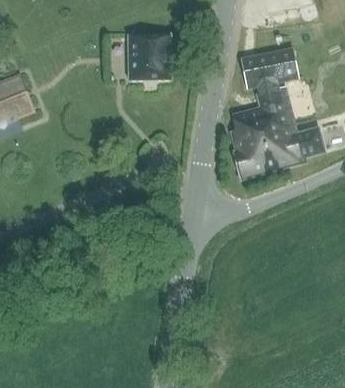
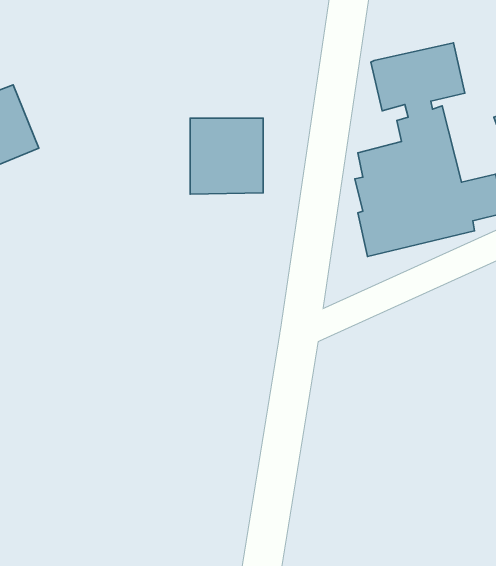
building: [128,33,173,80] -> [190,118,263,194]

